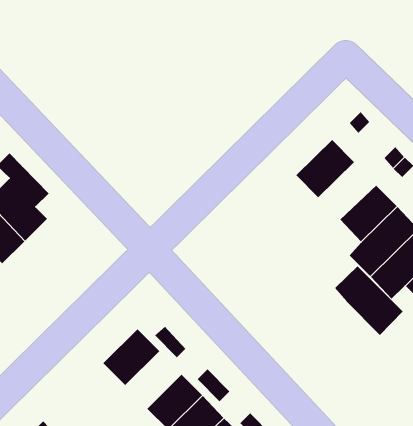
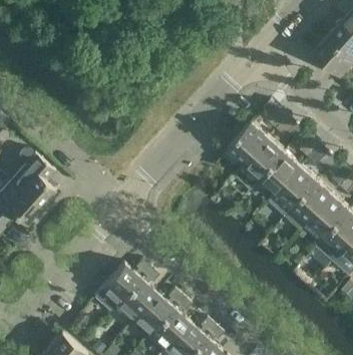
building: none -> [244,136,284,178]
building: [334,265,403,336] -> none
building: none -> [116,279,155,320]

